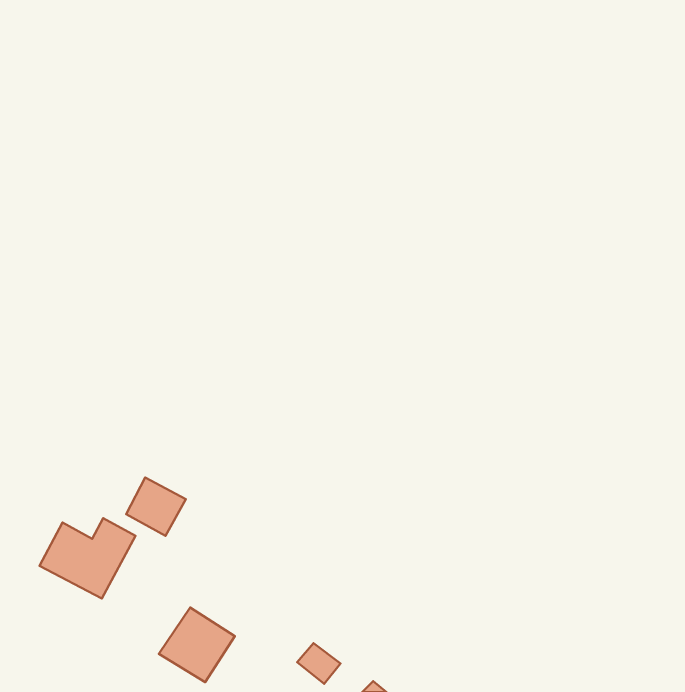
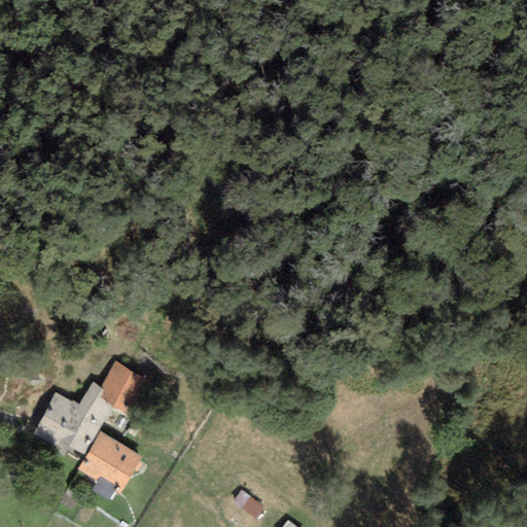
building: [159,608,235,682] -> [82,436,140,493]

